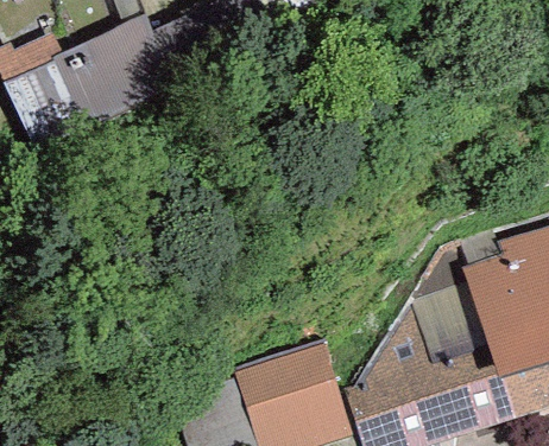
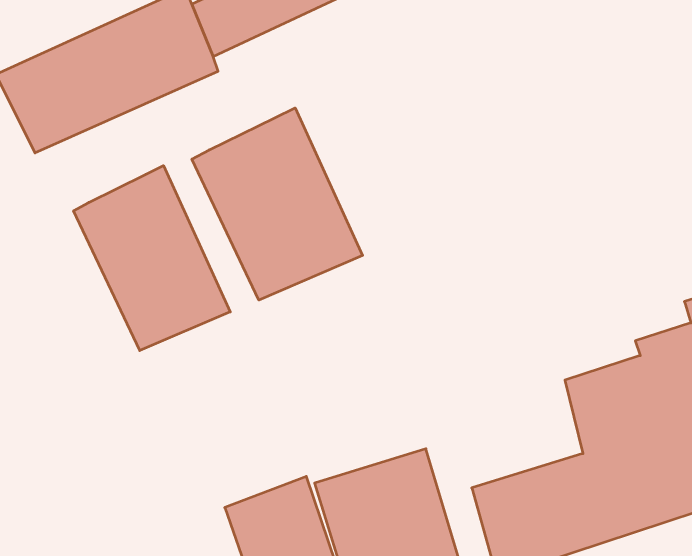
building: none -> [192,108,363,300]
building: none -> [74,166,230,351]

